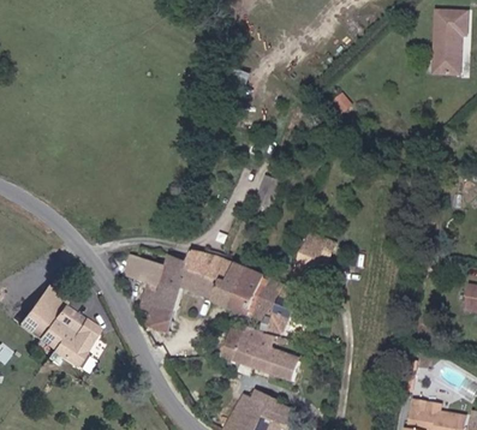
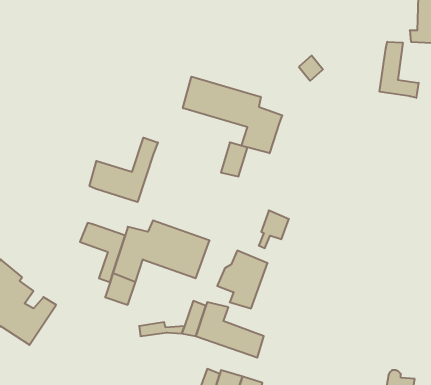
building: none -> [380,42,419,98]
building: none -> [183,77,282,153]
building: none -> [90,138,158,202]
building: [231,269,270,312] -> none

